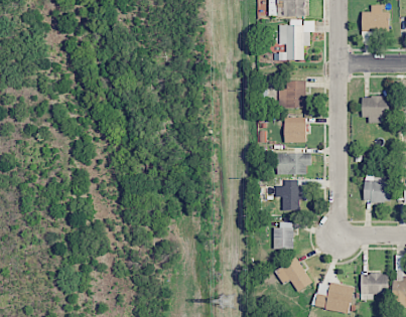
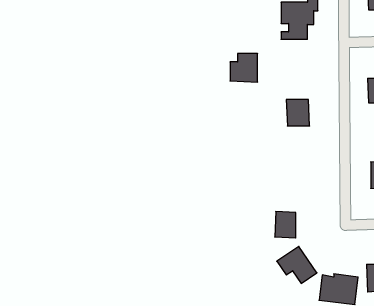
building: [279,81,305,108] -> [230,54,258,82]
building: [278,153,311,174] -> none
building: [277,179,300,209] -> none

